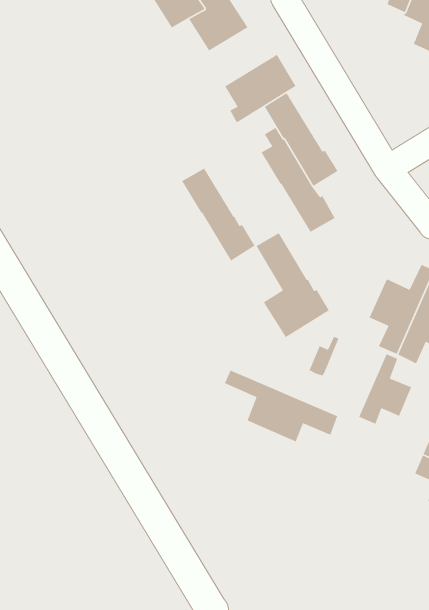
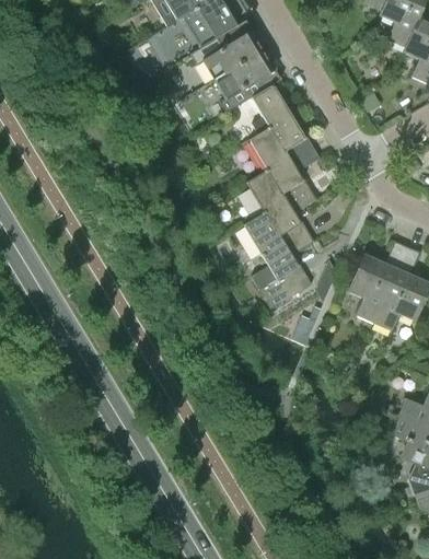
building: none -> [190,20,264,79]
building: [181,167,256,261] -> [246,168,314,255]
building: [358,353,412,425] -> none
building: [224,370,338,443] -> none

